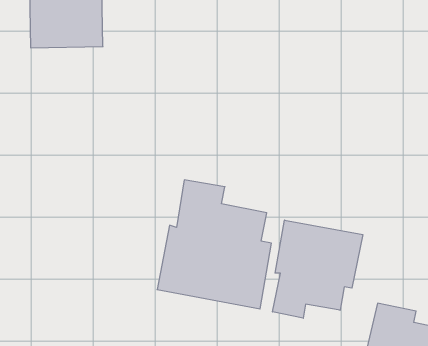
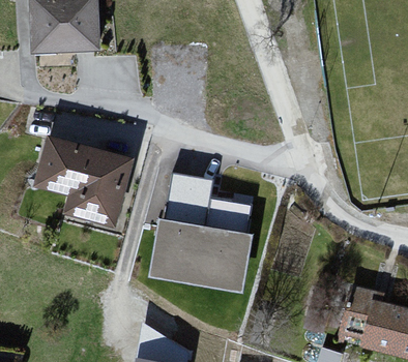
building: none -> [39,137,133,224]
building: [273,220,363,318] -> none

